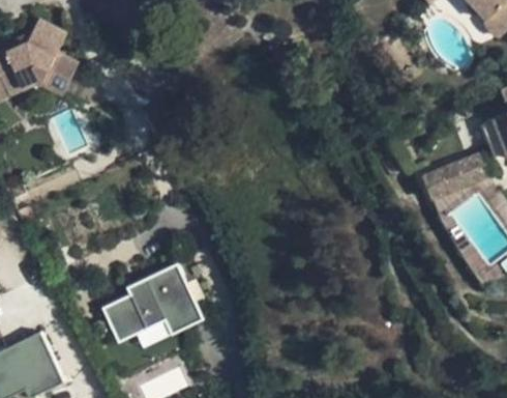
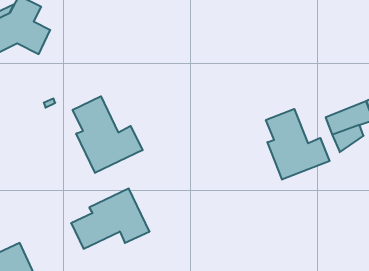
building: none -> [73,96,143,173]
building: none -> [266,109,330,180]

